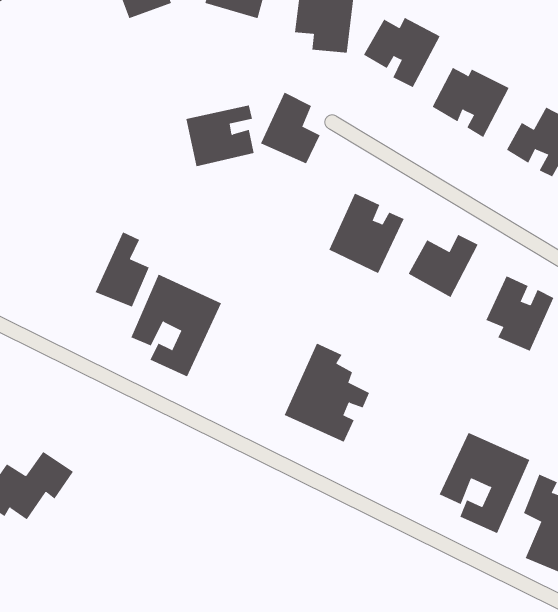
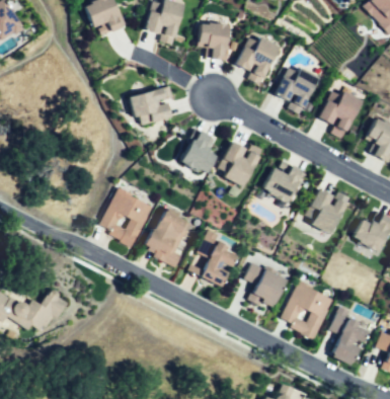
building: [260,92,320,164] -> [182,130,218,172]
building: [95,231,150,307] -> none
building: none -> [143,209,191,265]
building: none -> [243,262,287,306]

